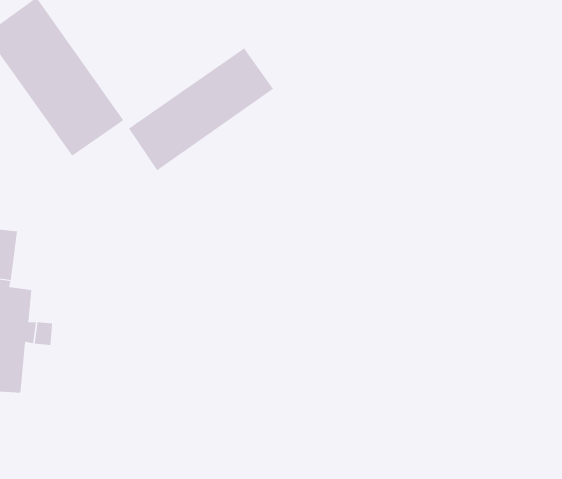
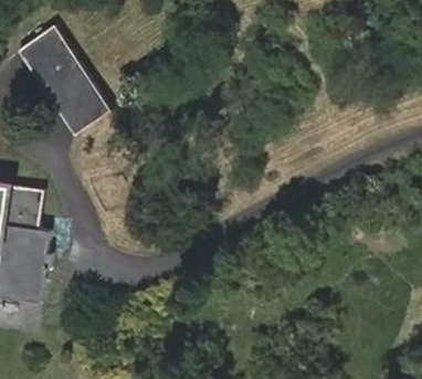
building: [128,47,274,171] -> none

